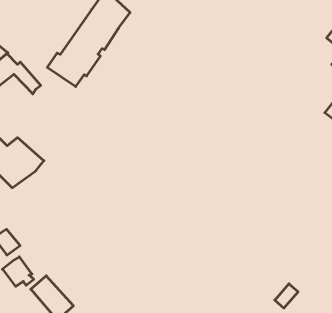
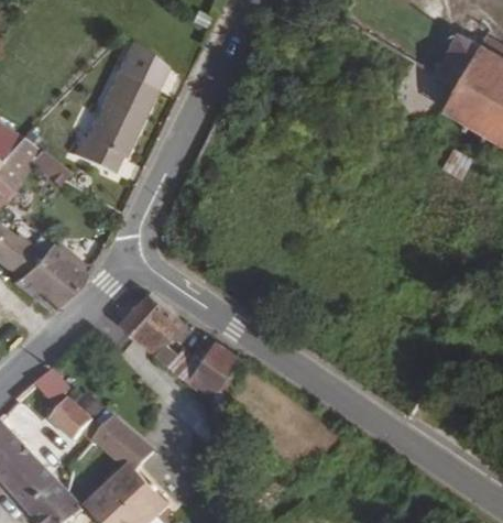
building: none -> [114,295,183,356]
building: none -> [155,337,240,401]

